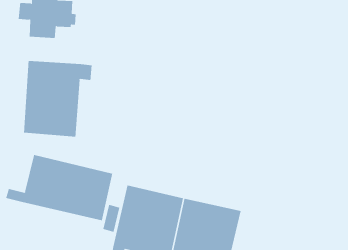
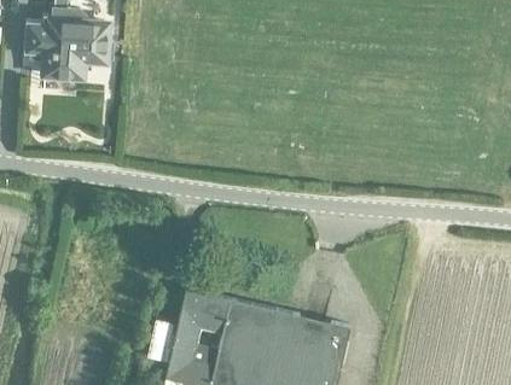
building: [24,60,92,137] -> none
building: [5,154,113,221] -> none

